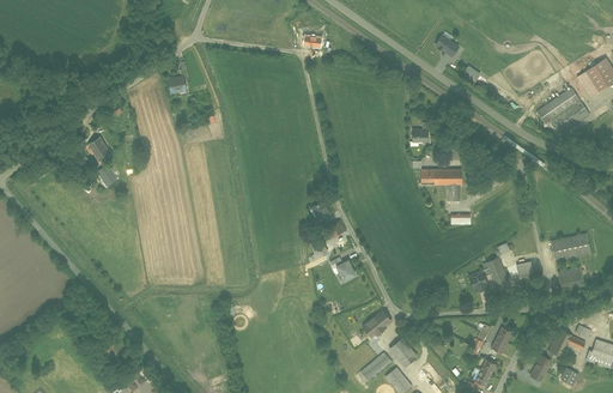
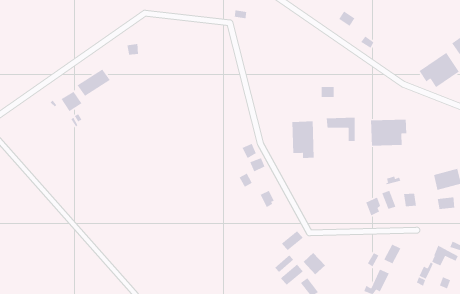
building: none -> [77,68,111,97]
building: none -> [370,119,407,147]
building: none -> [292,121,315,159]

